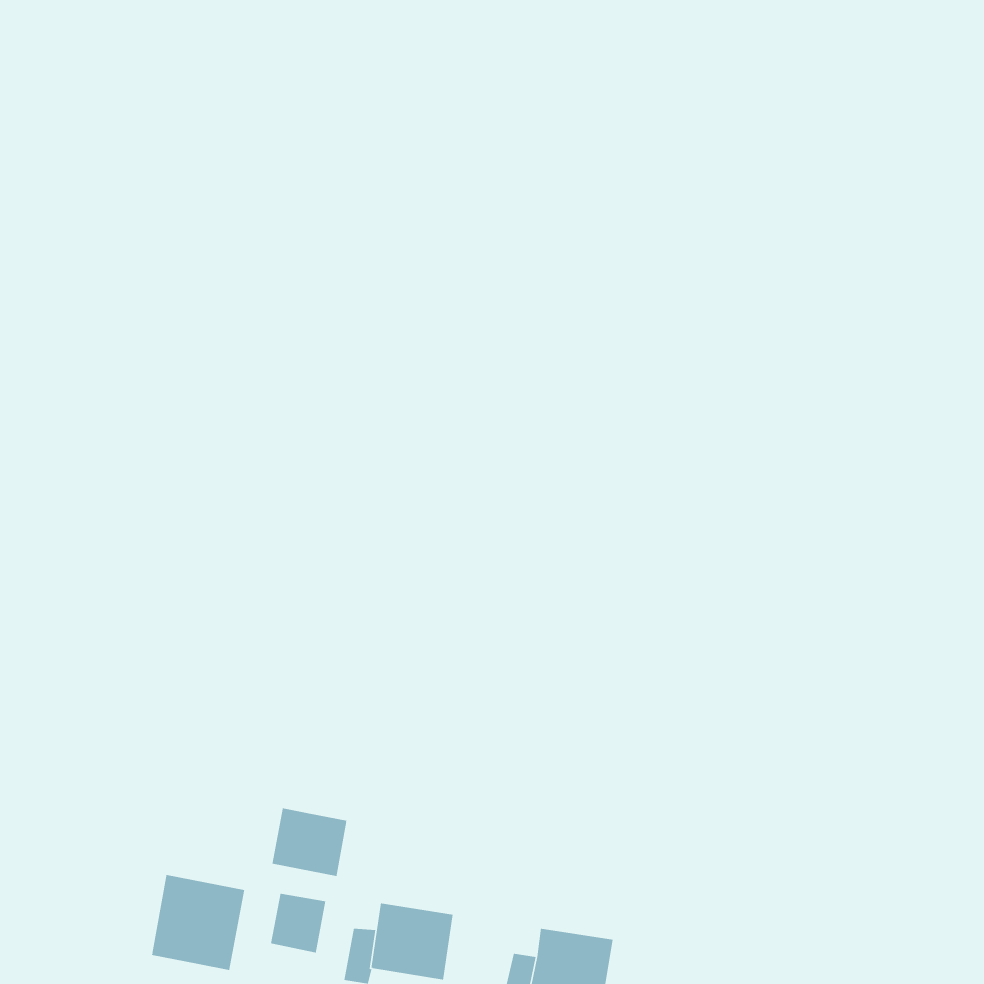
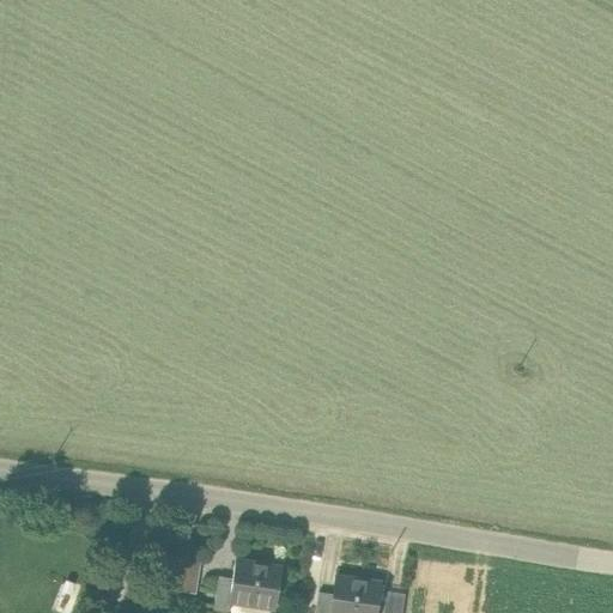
building: [272,808,347,877] -> none
building: [151,874,245,971] -> none

